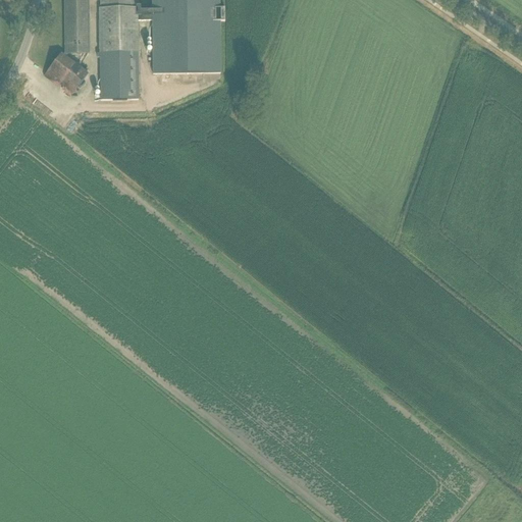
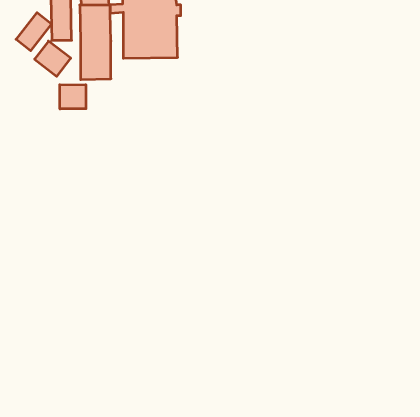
building: none -> [16,13,51,51]
building: none -> [60,85,86,109]

